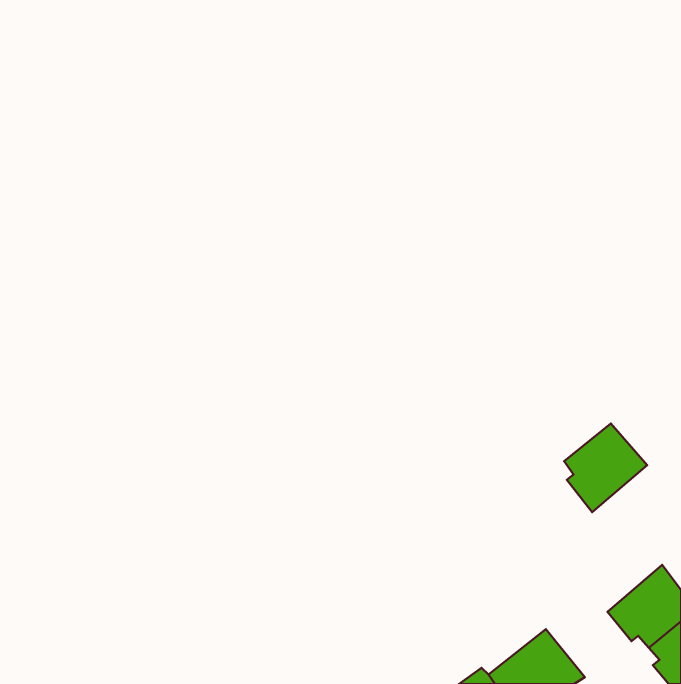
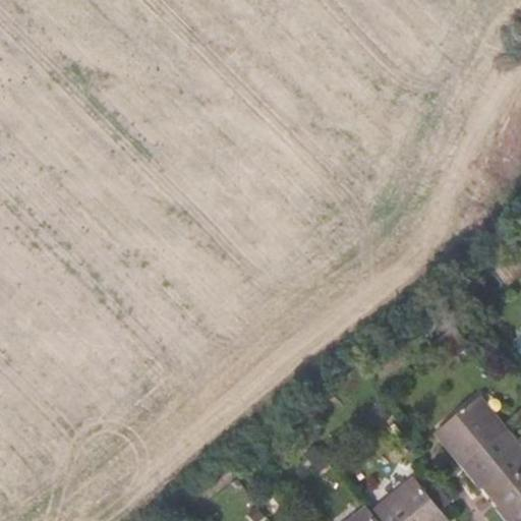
building: [564,424,647,512] -> [441,398,504,465]

